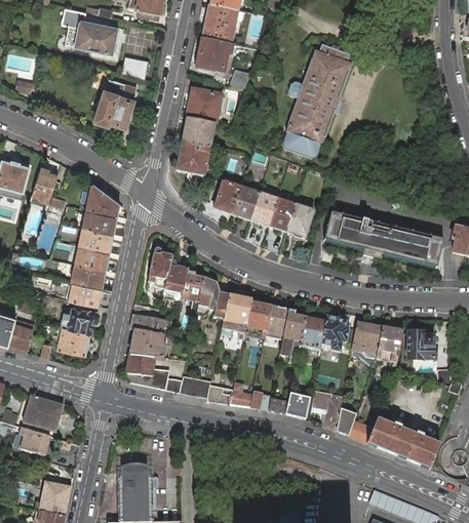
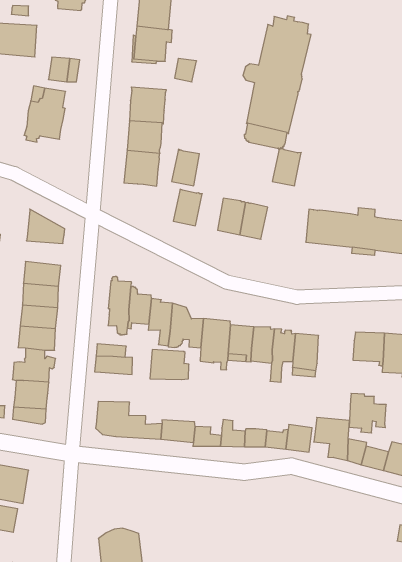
building: [232,187,259,219] -> [172,149,199,186]
building: [286,205,314,238] -> [272,149,301,186]
building: [83,208,117,233] -> none
building: [321,315,355,351] -> [349,393,386,433]
building: [130,328,165,357] -> [150,350,189,380]

